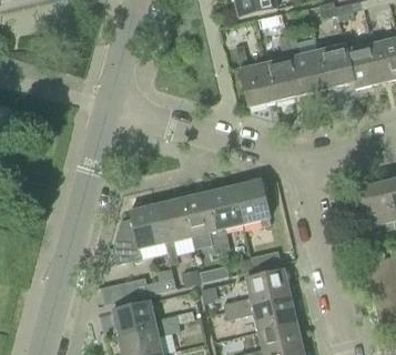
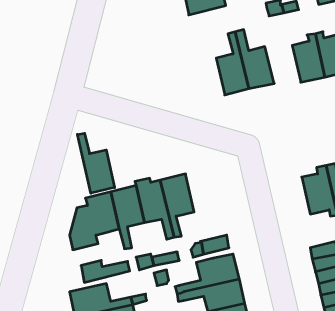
building: [316,41,355,89] -> none
building: [234,44,275,108] -> none
building: none -> [77,133,115,193]
building: [234,179,271,226] -> none

